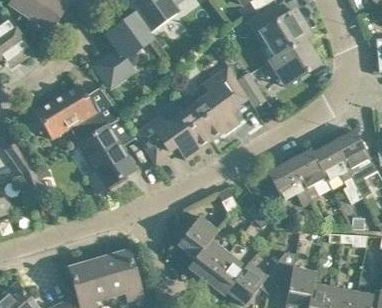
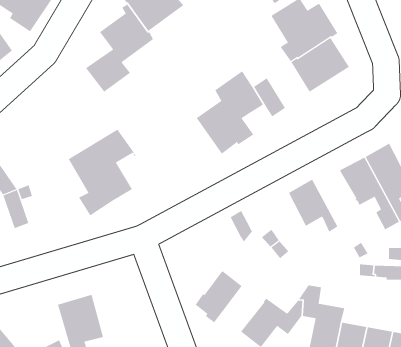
building: [34,83,121,143] -> none
building: [134,108,210,164] -> none
building: [288,149,325,201] -> none
building: [176,215,218,259] -> none
building: [99,251,141,299] -> none
building: [204,252,246,296] -> none

